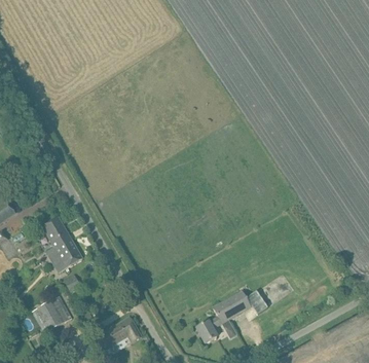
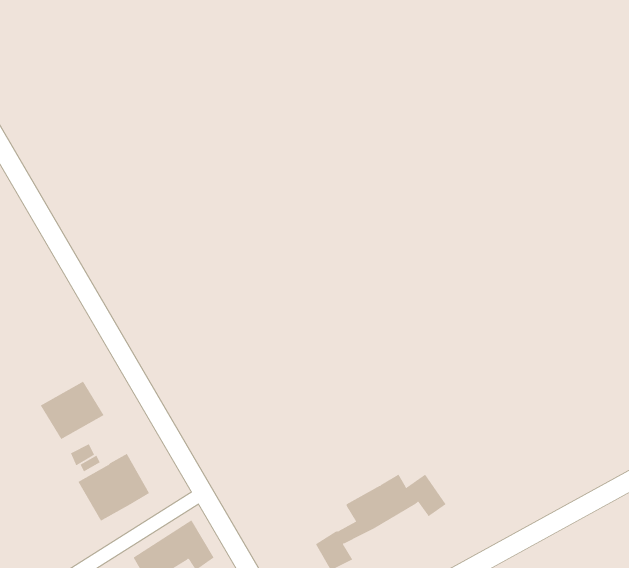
building: [41,216,71,253] -> none
building: [33,295,72,332] -> [78,453,150,522]

